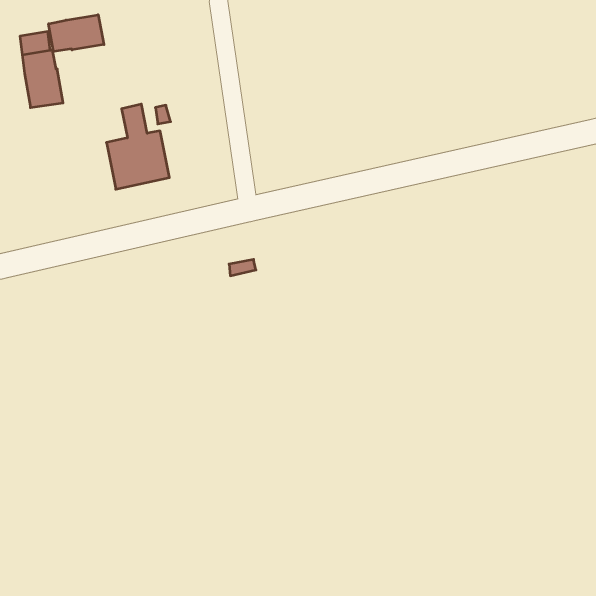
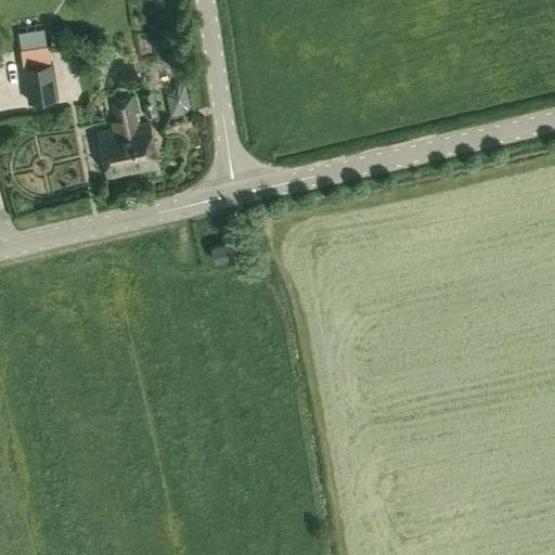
building: [49,15,104,52] -> none

